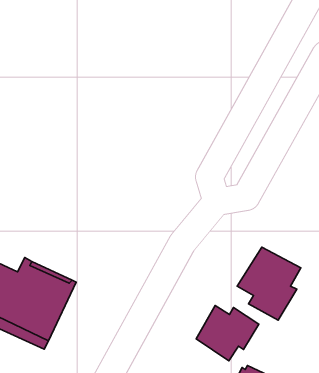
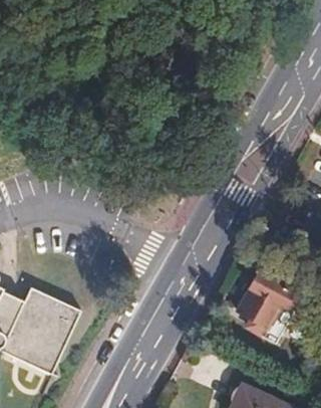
building: [196,306,259,361] -> none

